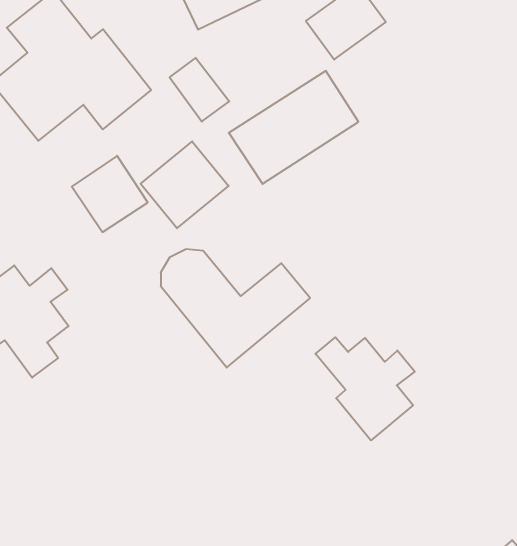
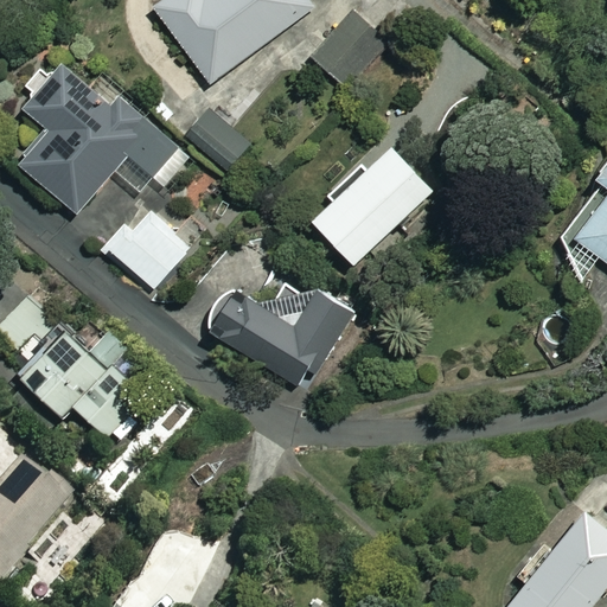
building: [229,71,358,184] -> [315,149,436,267]
building: [141,141,229,228] -> none
building: [315,337,415,440] -> none

